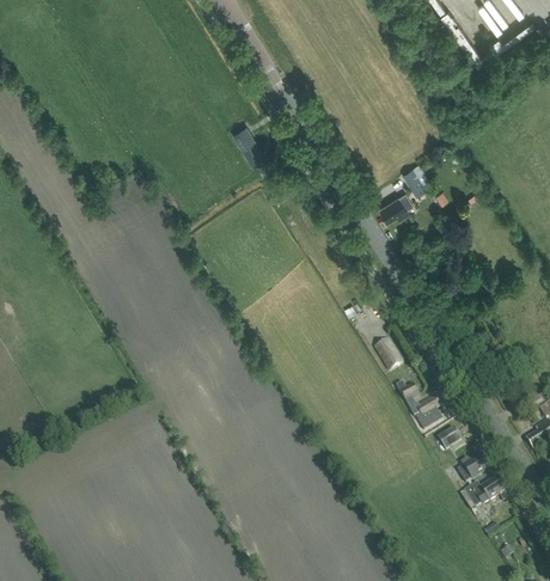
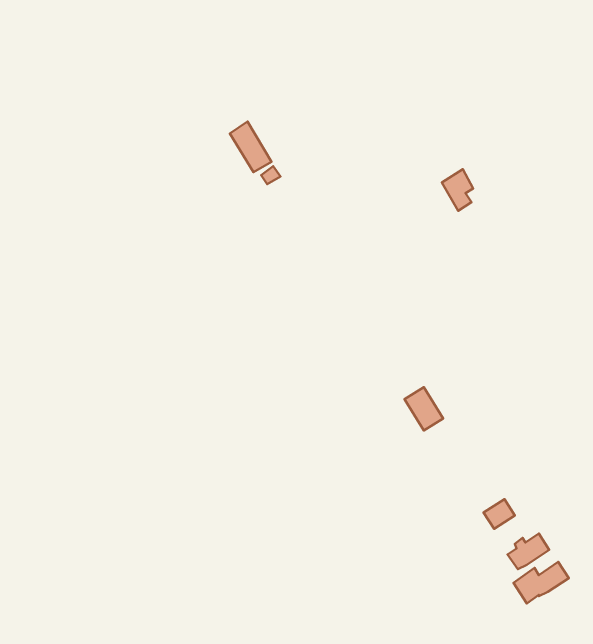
building: [380,189,414,219] -> none
building: [399,381,442,429] -> none

